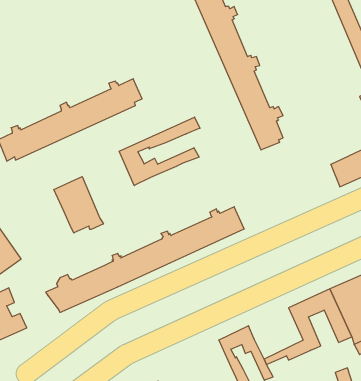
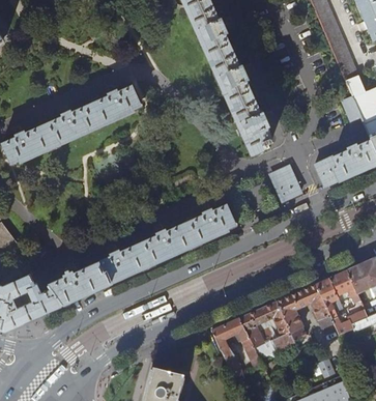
building: [119,117,200,186] -> none
building: none -> [270,166,301,202]
building: [54,177,103,233] -> none
building: none -> [16,275,63,319]
building: none -> [239,300,290,348]

